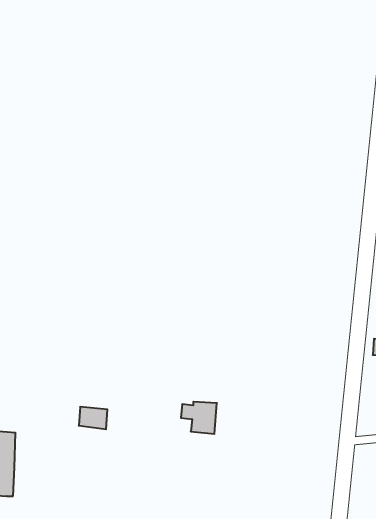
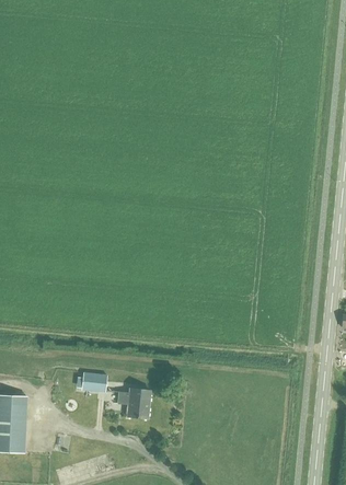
building: [181,402,217,434] -> [118,389,150,417]

